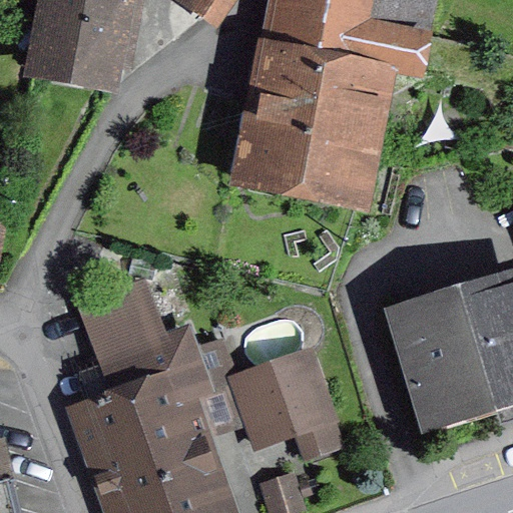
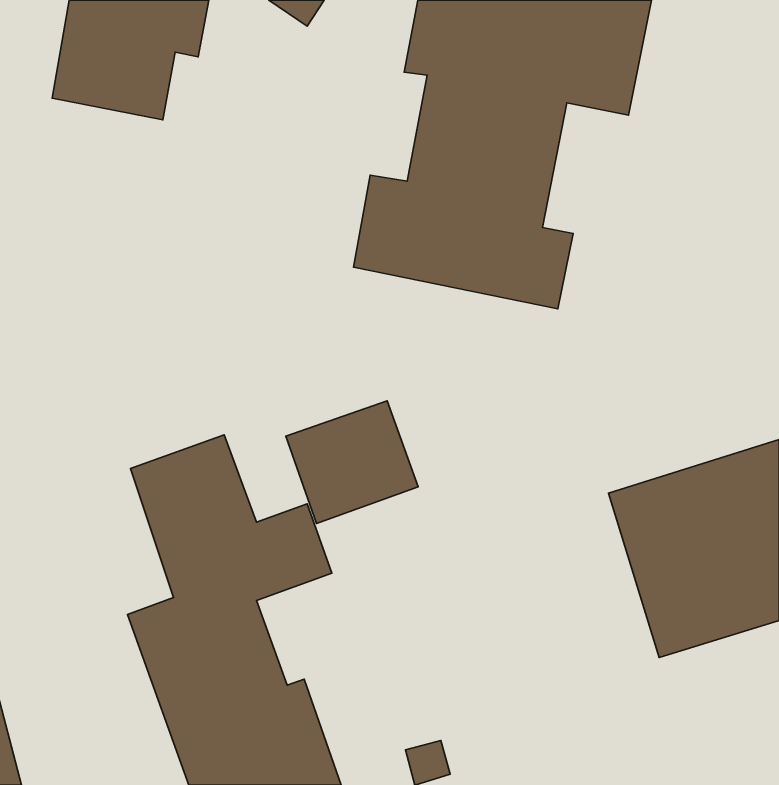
building: [236,361,323,441] -> [286,401,418,524]

